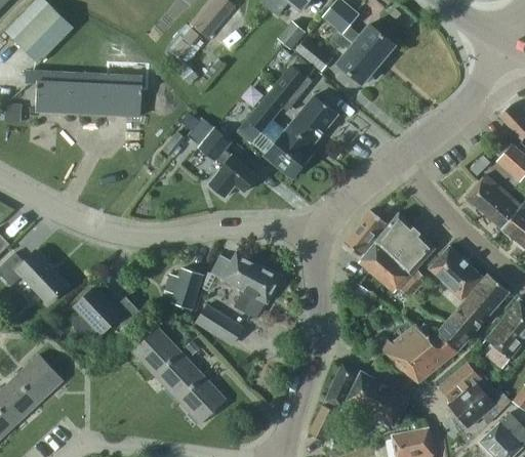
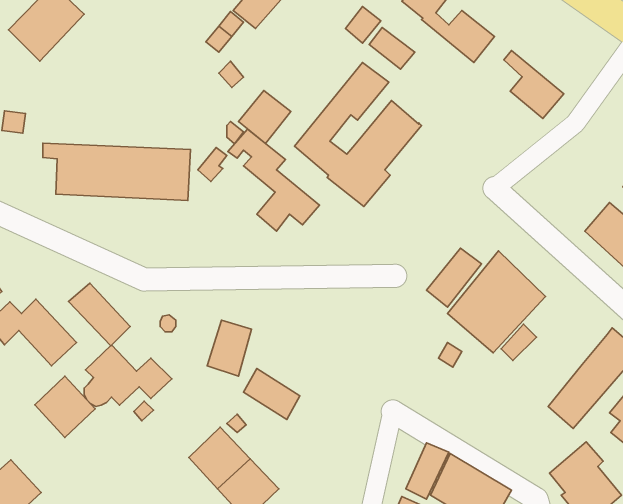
building: [331,32,378,85] -> [504,51,564,119]
building: [26,72,142,117] -> [43,143,190,201]
building: none -> [239,91,291,144]
building: none -> [69,283,130,346]
building: [428,246,483,302] -> none
building: [210,252,282,319] -> none
building: [374,326,456,383] -> none
building: [131,327,179,375] -> none
building: [15,355,63,403] -> [35,376,95,438]

